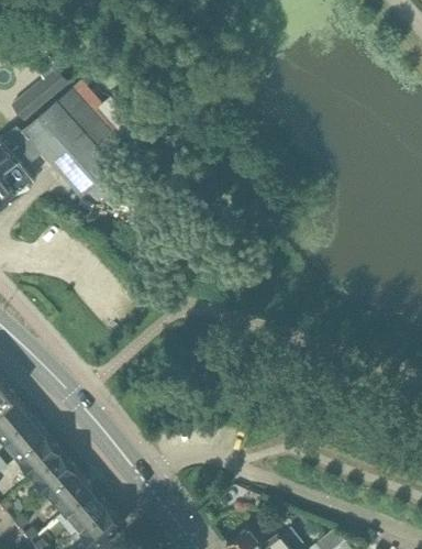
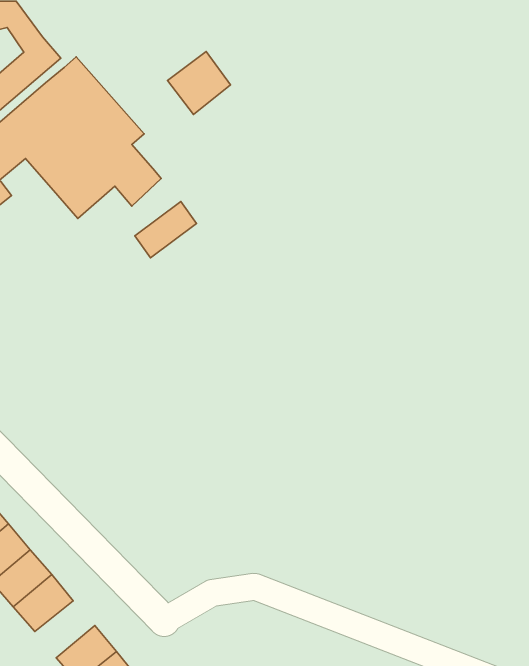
building: none -> [167,51,230,115]
building: none -> [135,201,196,258]
building: [47,473,90,514] -> none

